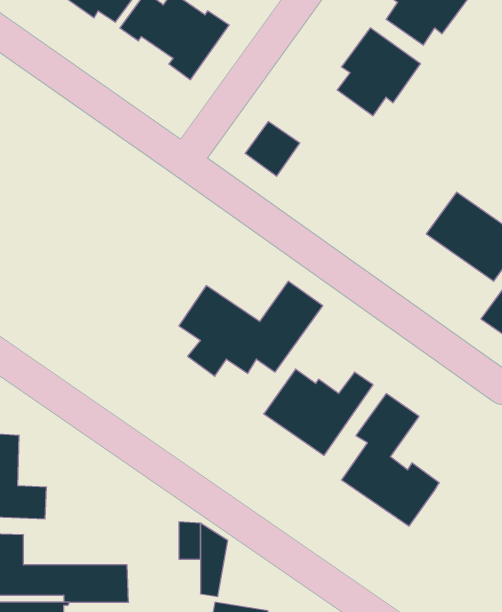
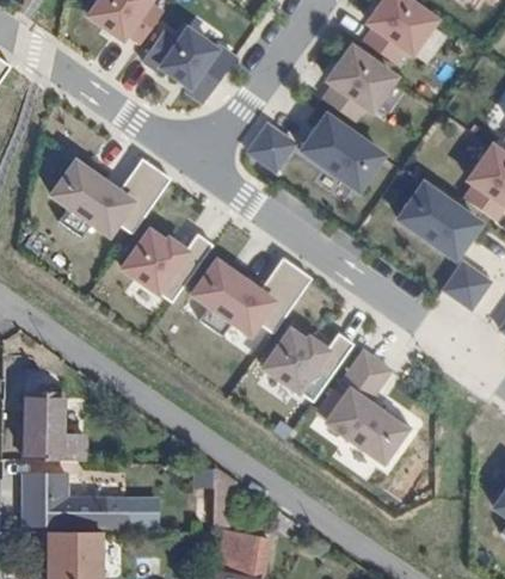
building: none -> [302,116,383,190]
building: none -> [54,159,172,238]
building: none -> [124,232,214,303]

